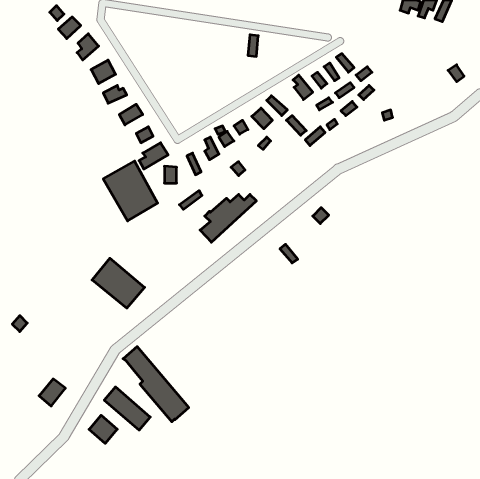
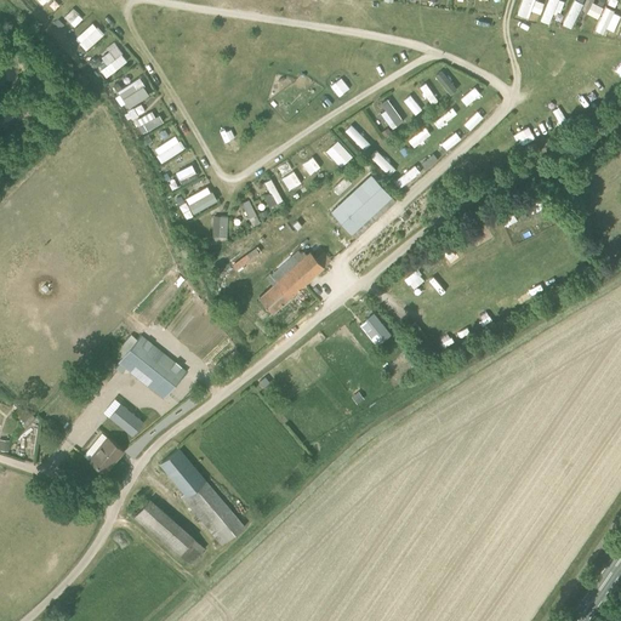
building: none -> [331,176,395,240]
building: [103,161,158,221] -> none
building: none -> [109,404,143,437]
building: [39,379,65,406] -> [89,439,123,474]
building: [89,415,117,443] -> none

